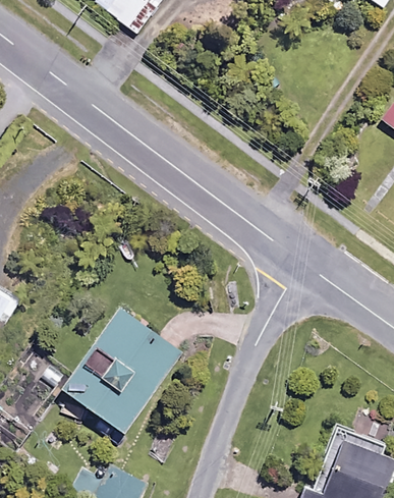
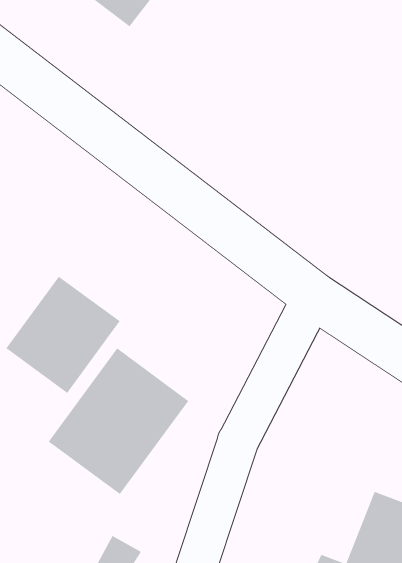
building: none -> [6,276,121,394]

